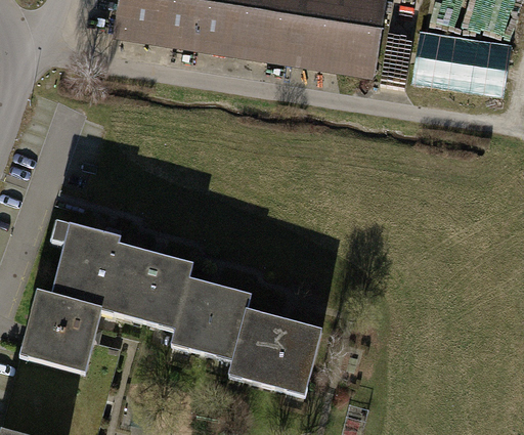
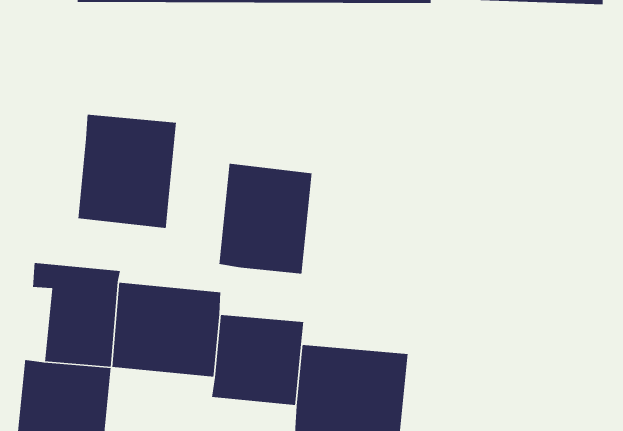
building: none -> [77,114,177,229]
building: none -> [218,163,313,275]

